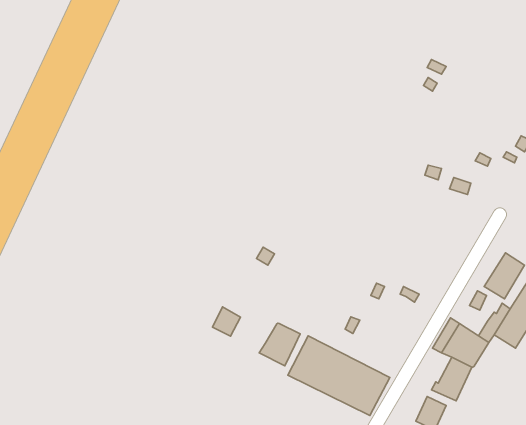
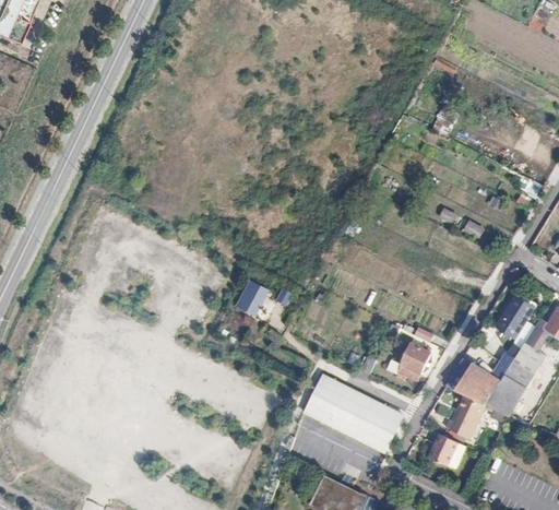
building: none -> [393,343,429,381]
building: [213,307,241,336] -> [236,282,263,310]
building: [259,323,300,366] -> none
building: none -> [486,373,526,417]

